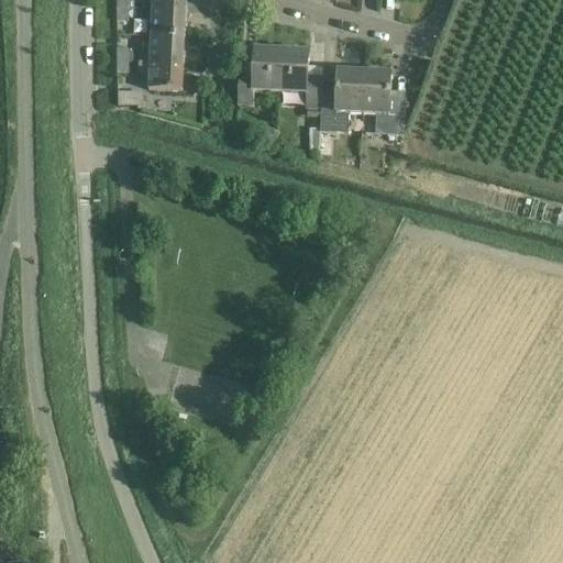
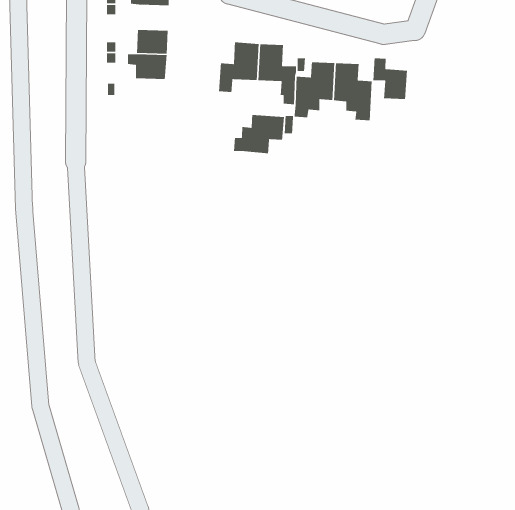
building: [150,5,185,33] -> none
building: none -> [373,58,408,100]
building: none -> [233,114,285,154]

